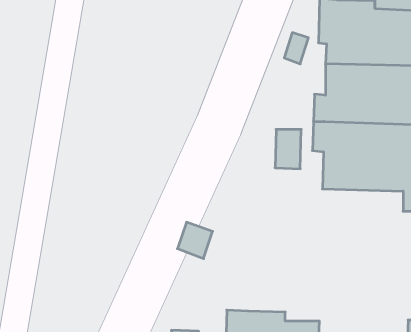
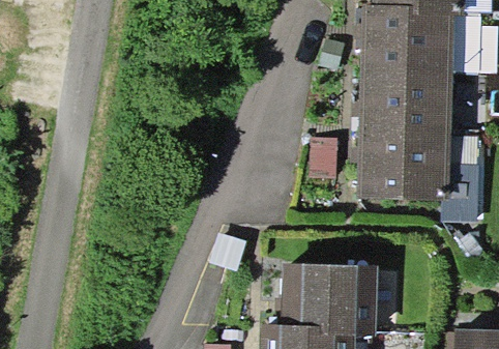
building: none -> [282,263,377,336]

